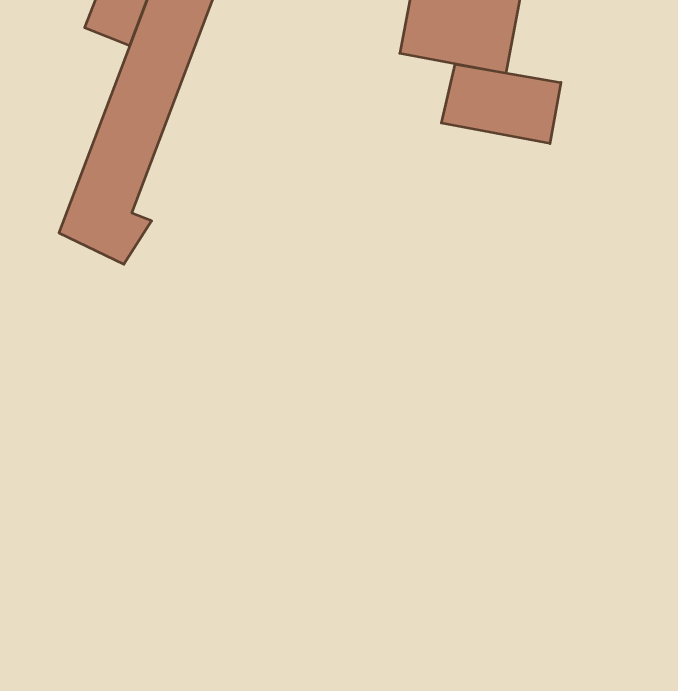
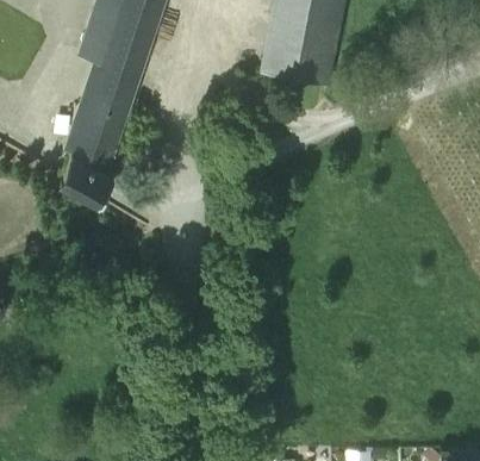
building: [441,64,561,144] -> none

